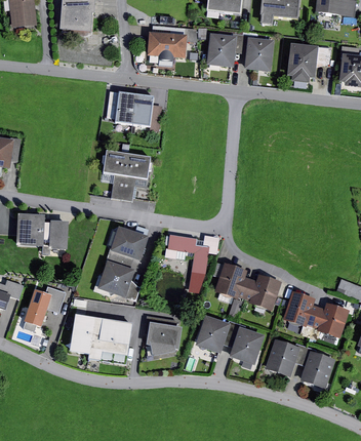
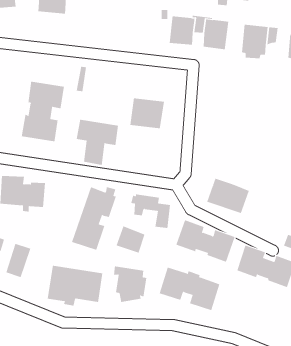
building: [148,25,196,61] -> none
building: [114,92,154,127] -> [129,98,165,129]
building: none -> [21,81,64,142]
building: none -> [207,178,249,214]
building: none -> [116,225,145,254]
building: [266,339,335,389] -> none

